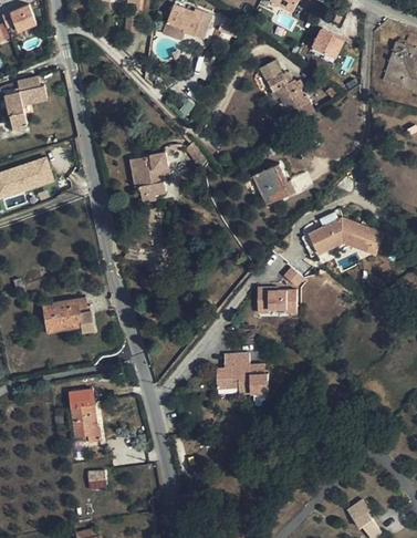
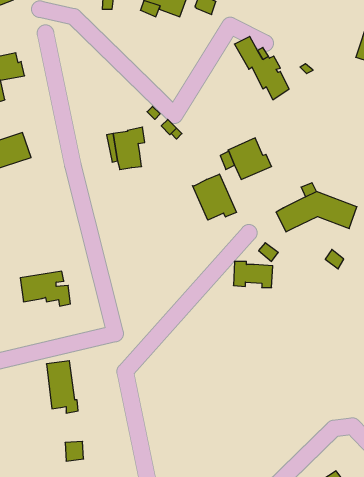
building: [311,29,343,59] -> none
building: none -> [193,174,237,220]
building: [216,353,268,394] -> none

